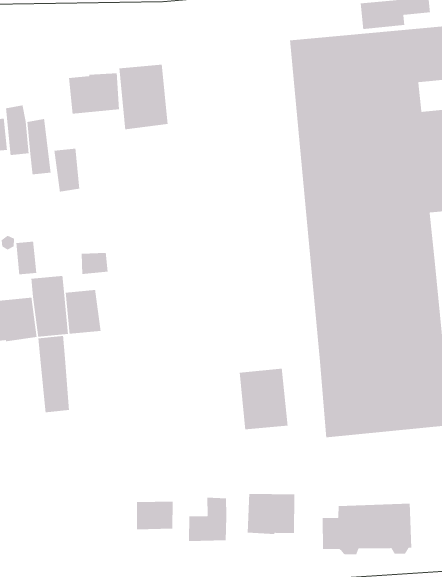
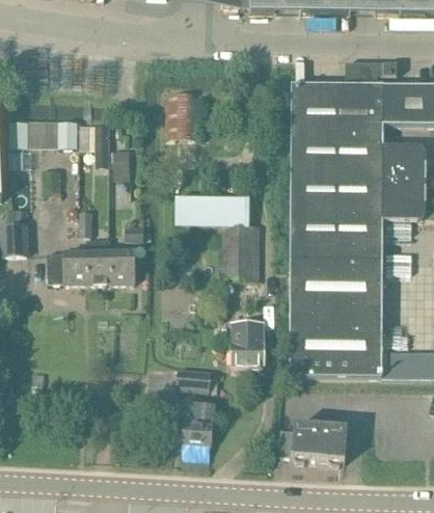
building: [68,73,120,114] -> none
building: none -> [174,196,259,280]
building: [37,335,70,413] -> none
building: [247,493,295,535] -> none
building: [136,501,173,530] -> [180,370,209,393]

